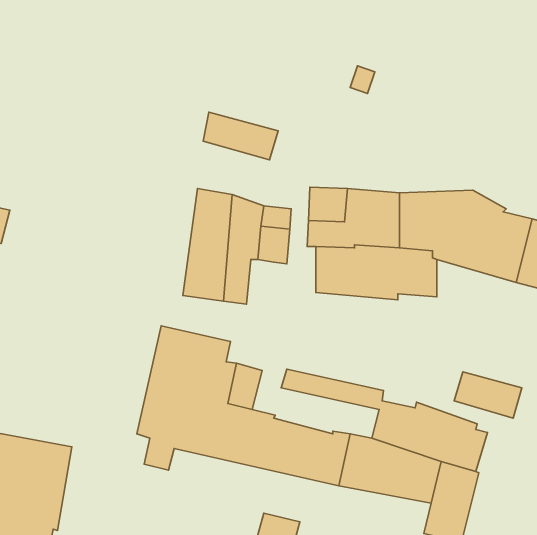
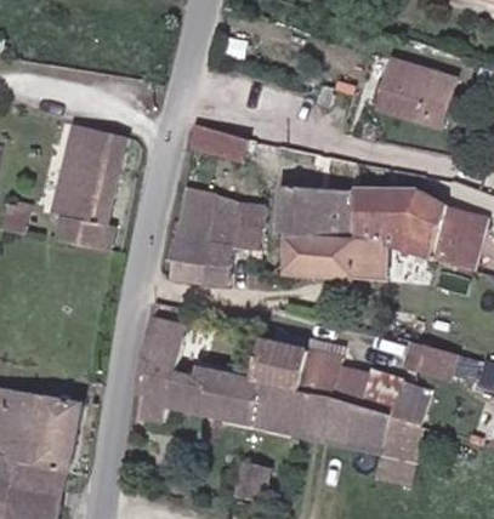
building: none -> [379,62,453,126]
building: none -> [51,126,125,251]
building: none -> [250,355,339,398]

